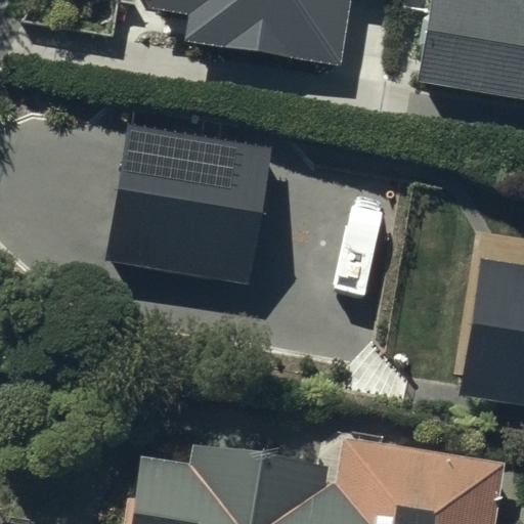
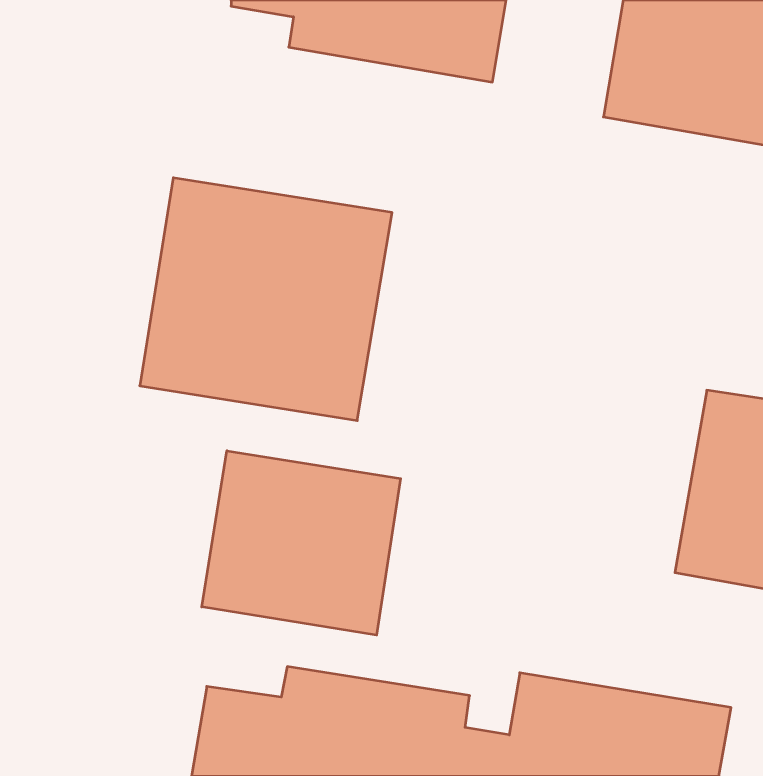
building: none -> [202,451,401,635]

